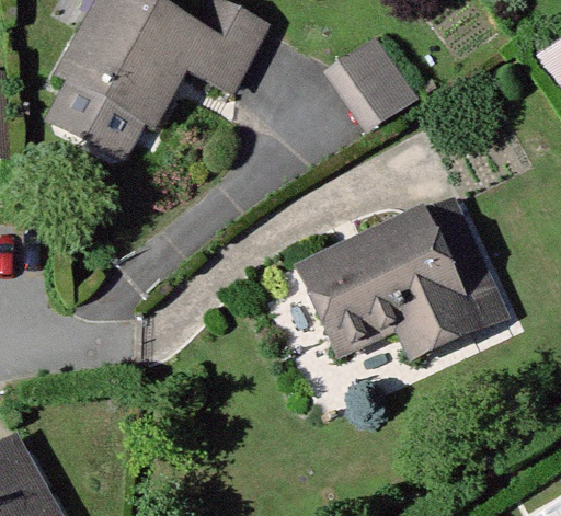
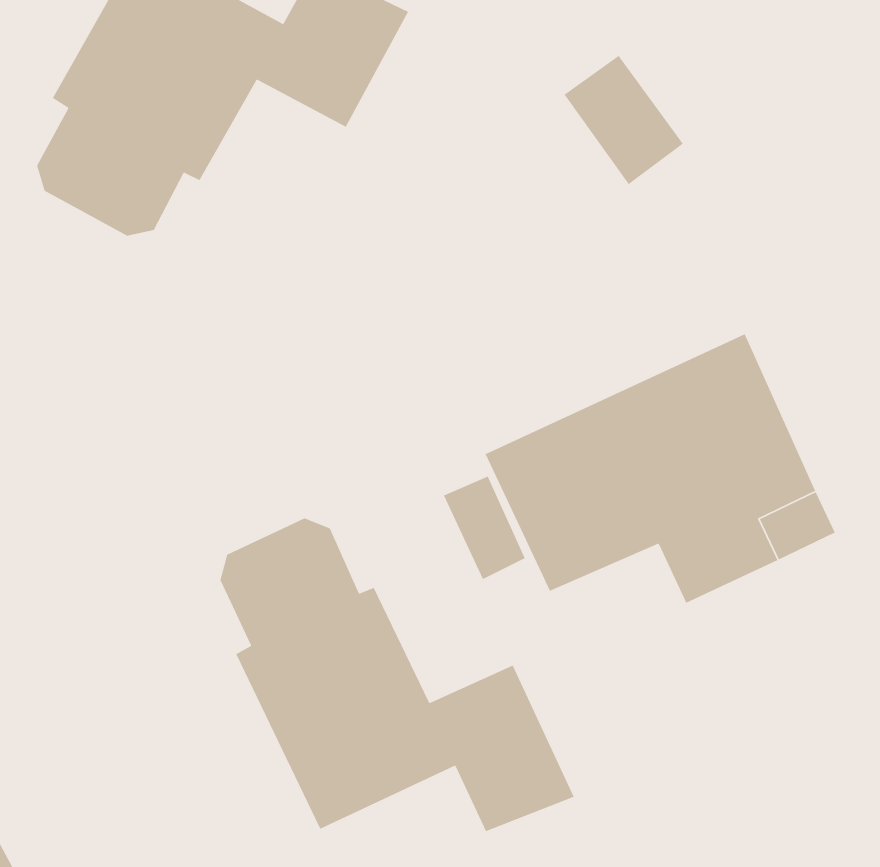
building: none -> [219,518,575,832]

